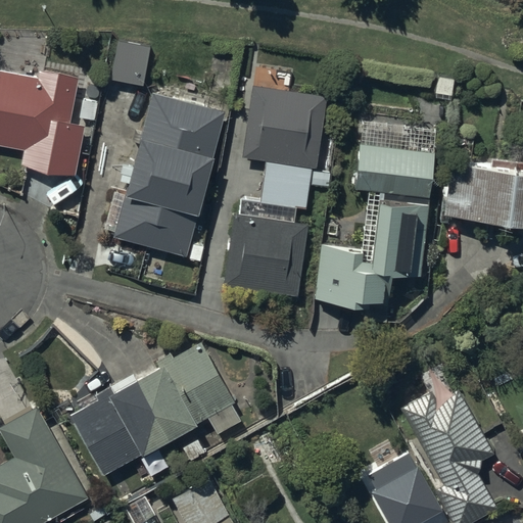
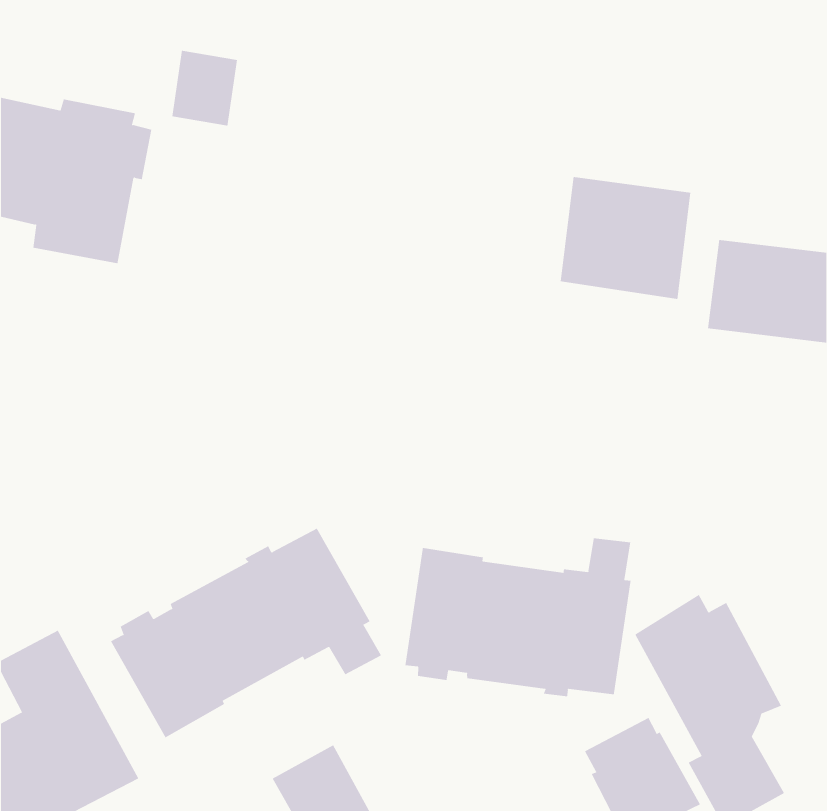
building: [223,88,329,297] -> none
building: [113,93,224,257] -> none
building: [316,202,427,308] -> none
building: none -> [405,538,631,697]

